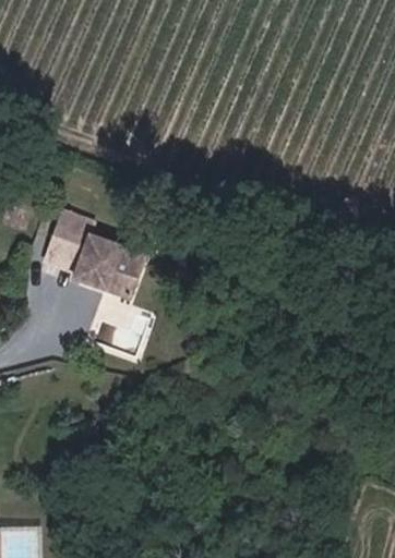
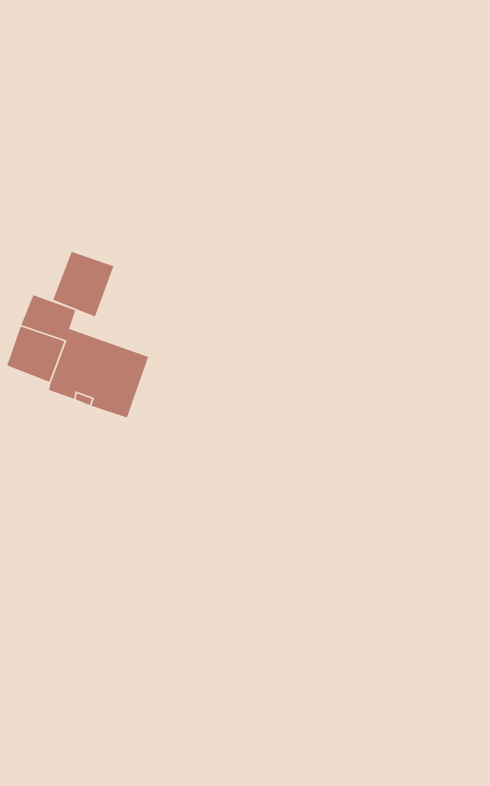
building: none -> [52,251,115,318]

